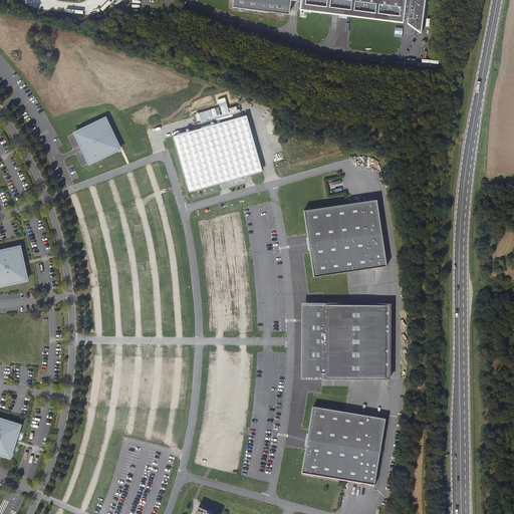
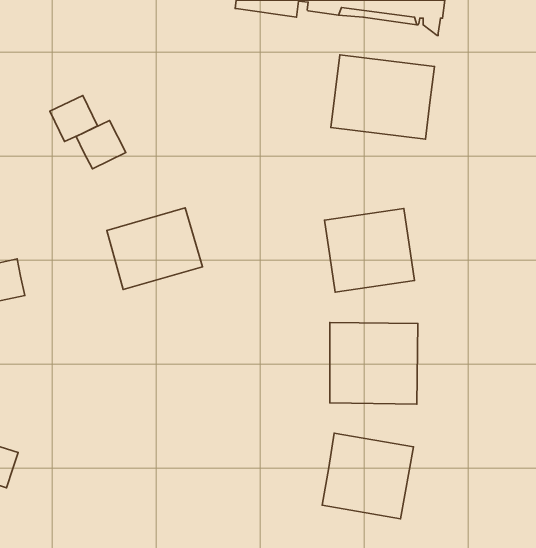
building: none -> [331,55,434,139]
building: none -> [50,96,98,141]
building: [172,110,261,187] -> [107,208,202,289]

